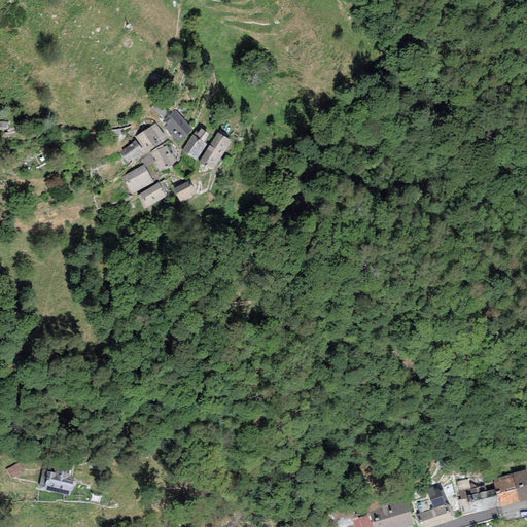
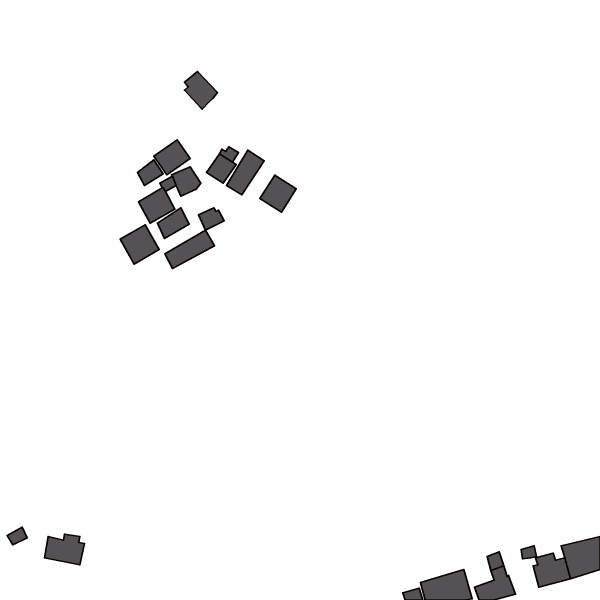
building: [164,110,192,143] -> [185,71,217,109]
building: none -> [260,175,296,212]
building: none -> [120,225,159,264]
building: none -> [165,230,214,268]

